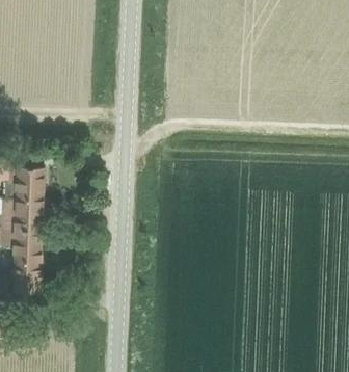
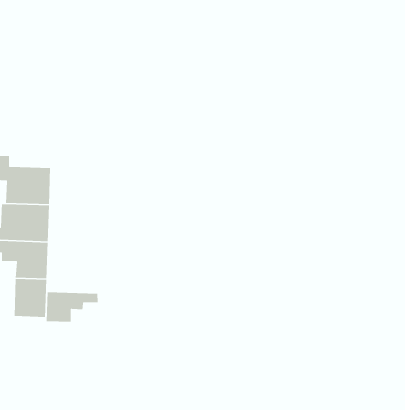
building: none -> [46,291,99,323]

